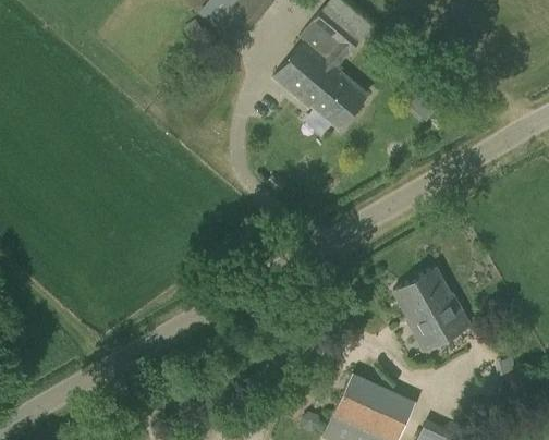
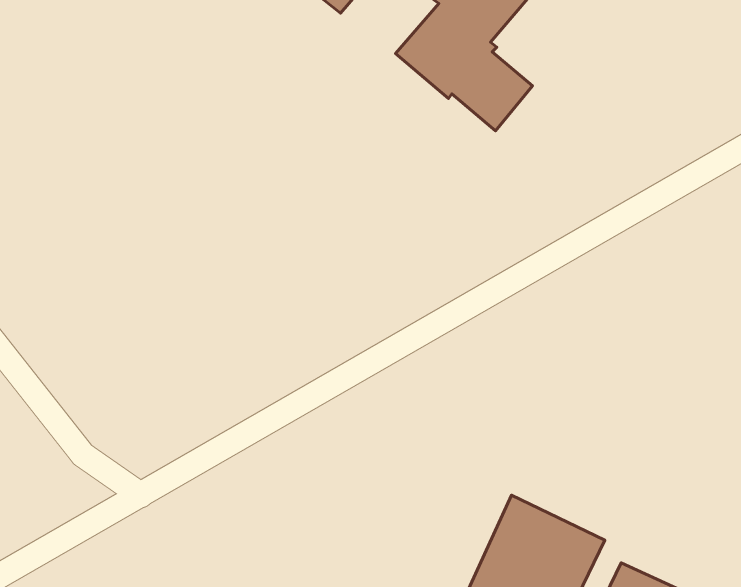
building: [392,268,469,353] -> none

